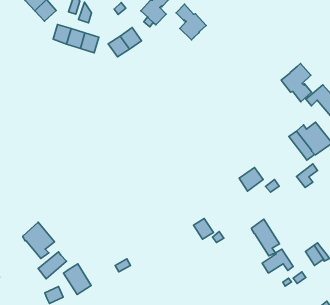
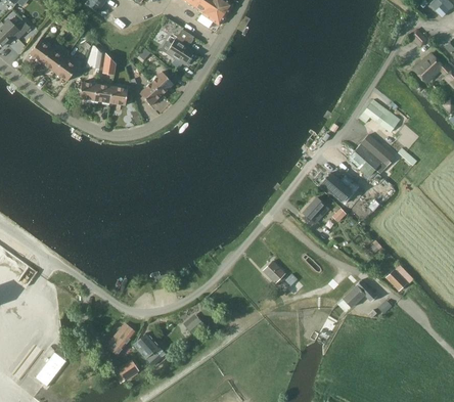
building: [176,4,206,40] -> none
building: [281,64,311,102] -> none
building: none -> [320,173,358,203]
building: [252,219,280,256] -> none
building: [23,222,54,258] -> none

